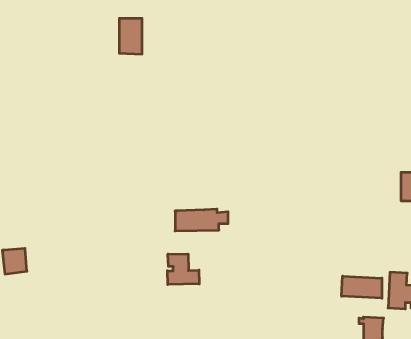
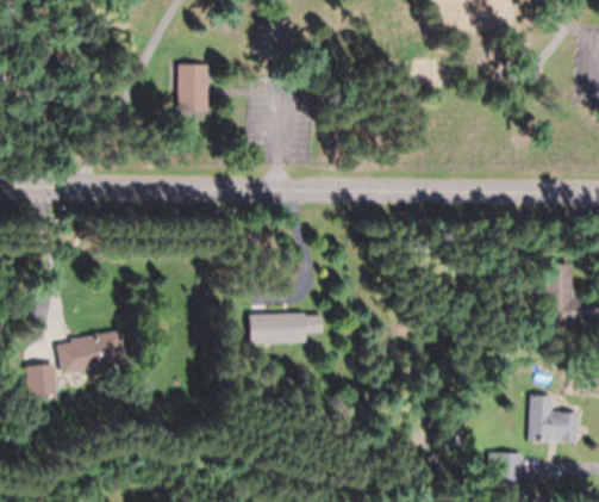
building: none -> [57,331,126,374]
building: [167,254,199,285] -> none
building: [342,276,382,298] -> none

